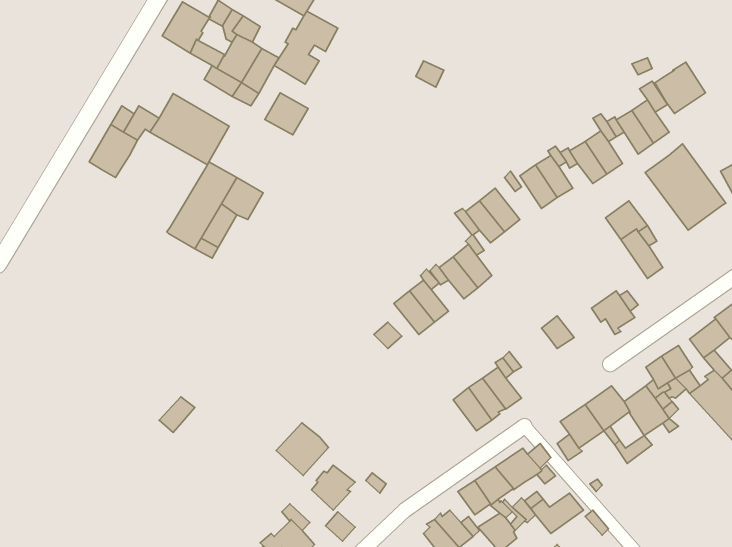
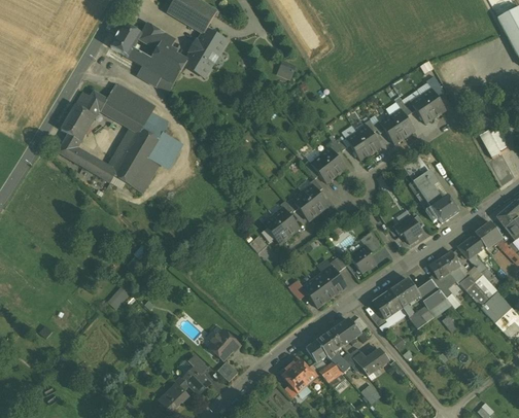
building: [655,62,706,114] -> none
building: [265,93,308,135] -> [141,111,170,139]
building: [645,144,726,230] -> none
building: none -> [59,134,115,182]
building: none -> [426,195,459,222]
building: none -> [350,244,377,272]
building: [276,423,329,475] -> none

